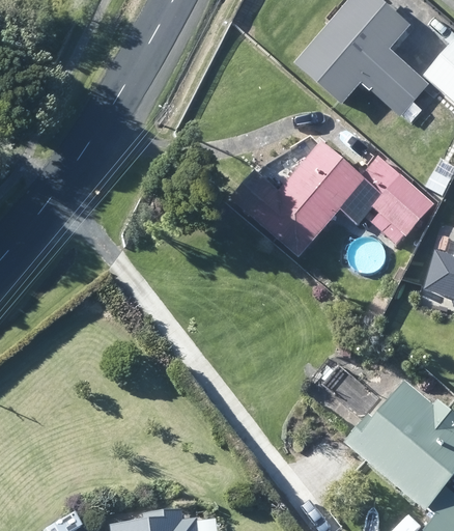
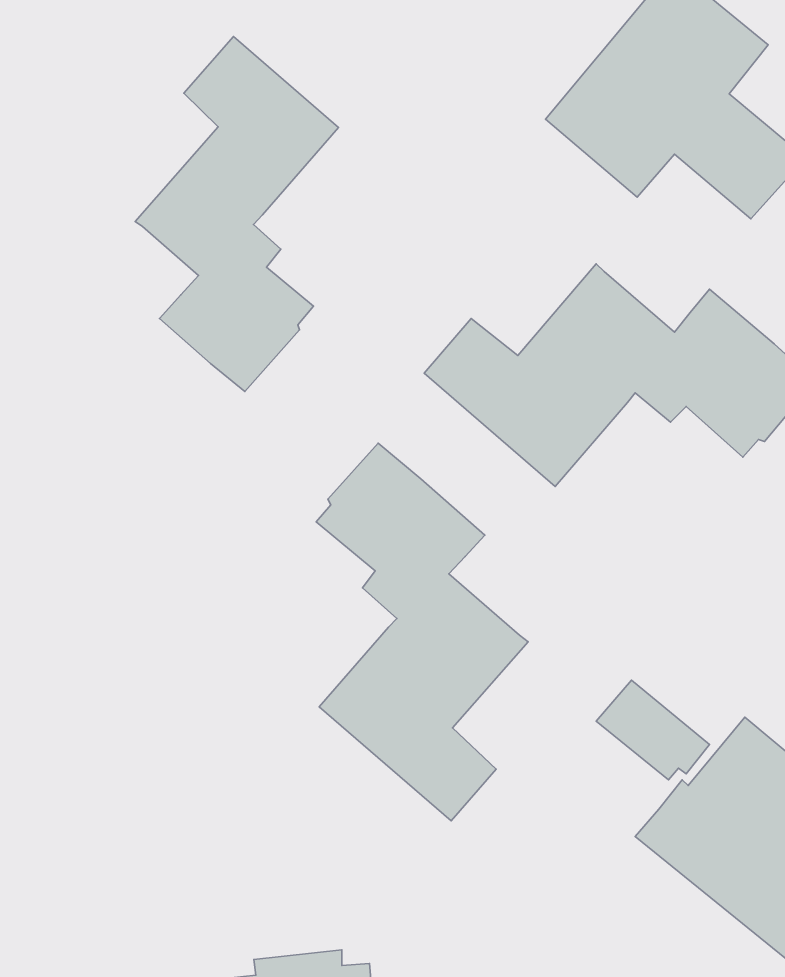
building: none -> [135,37,338,392]
building: none -> [316,443,528,821]

